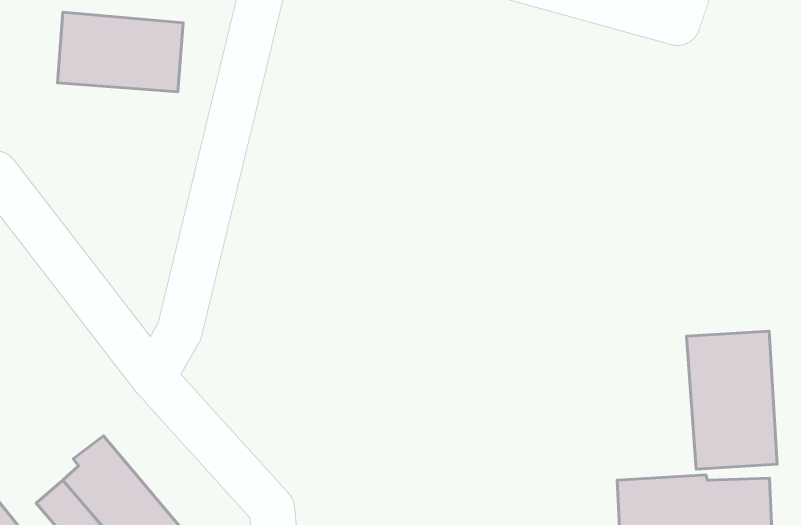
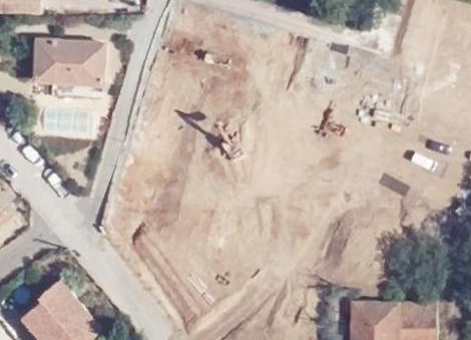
building: [686,331,777,469] -> none

